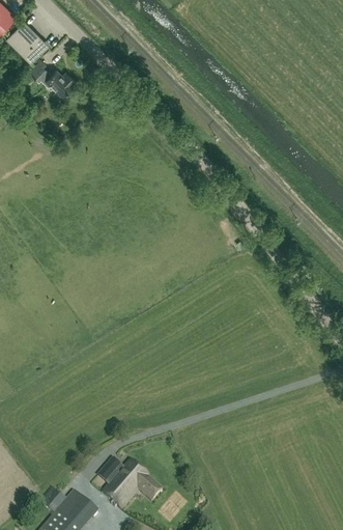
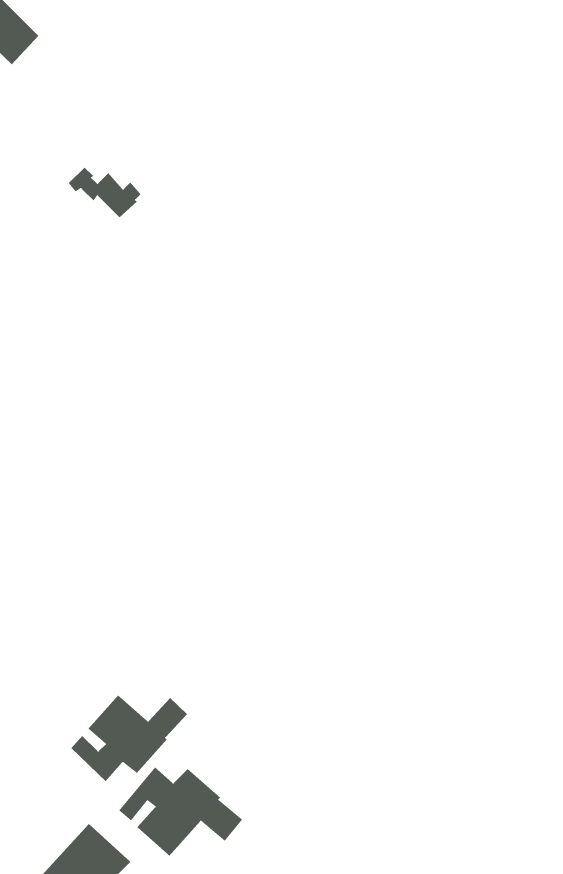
building: [33,65,75,94] -> [68,167,141,218]
building: none -> [70,694,188,782]

